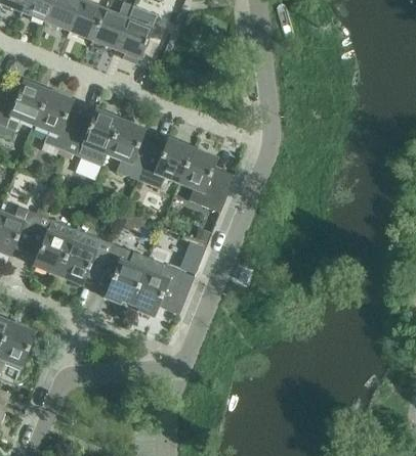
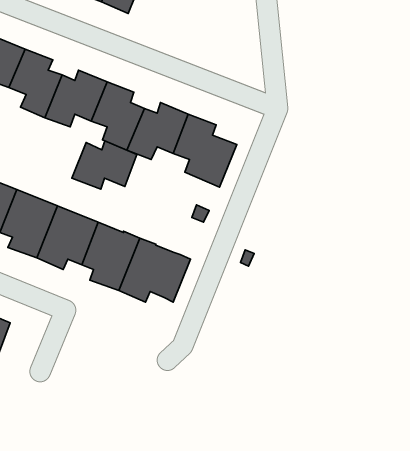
building: none -> [72,141,137,189]
building: [178,241,205,276] -> none

